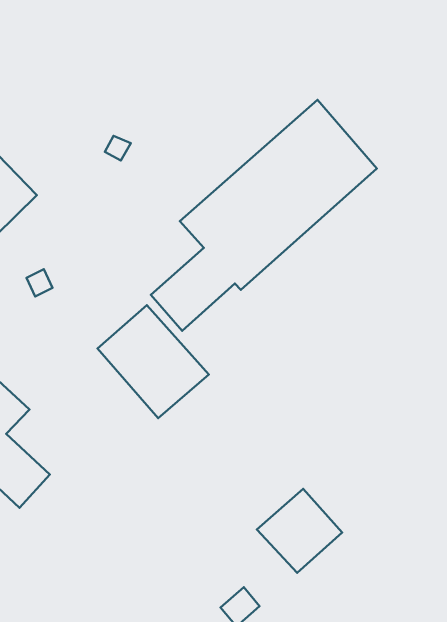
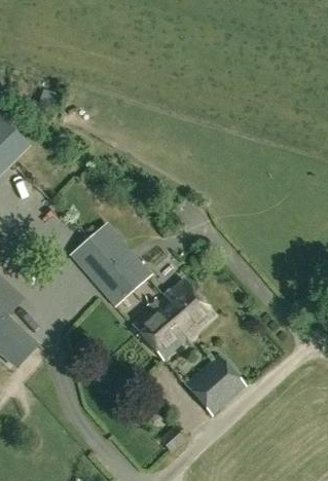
building: [151,100,377,331] -> none
building: none -> [133,279,215,360]

